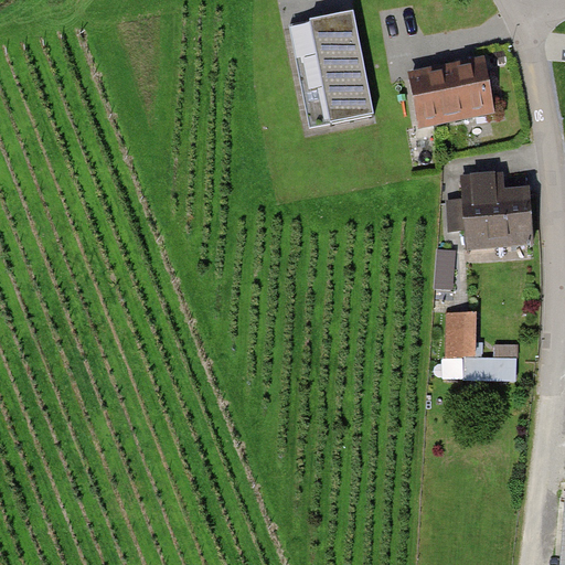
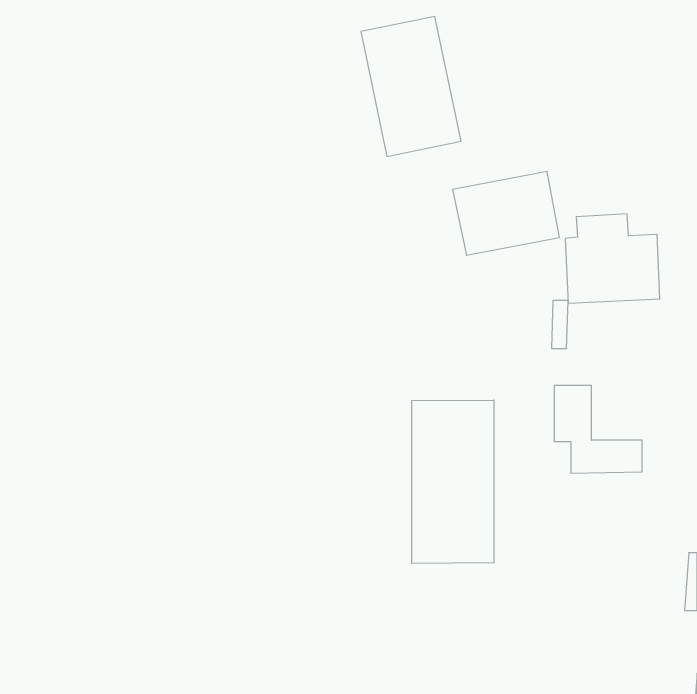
building: [407,58,493,126] -> [453,172,560,255]
building: none -> [412,400,494,563]

